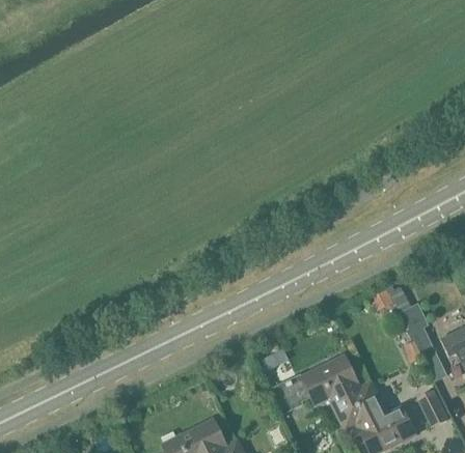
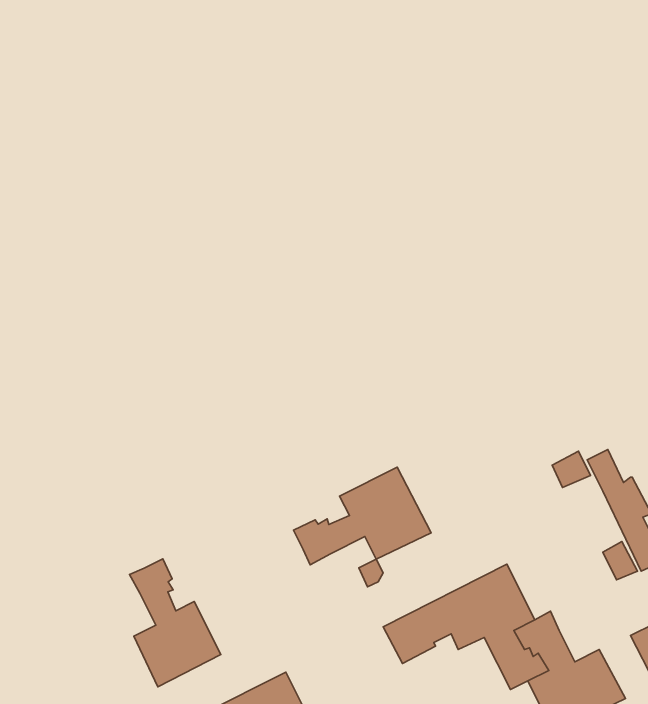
building: none -> [293,467,431,565]
building: none -> [130,559,221,687]

